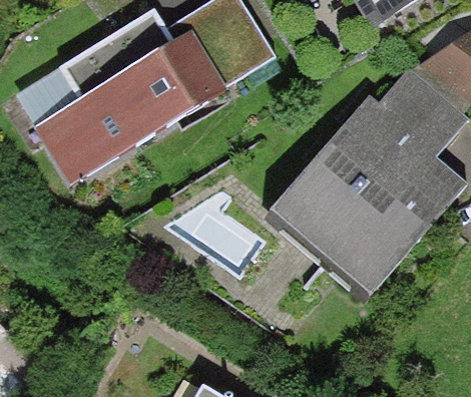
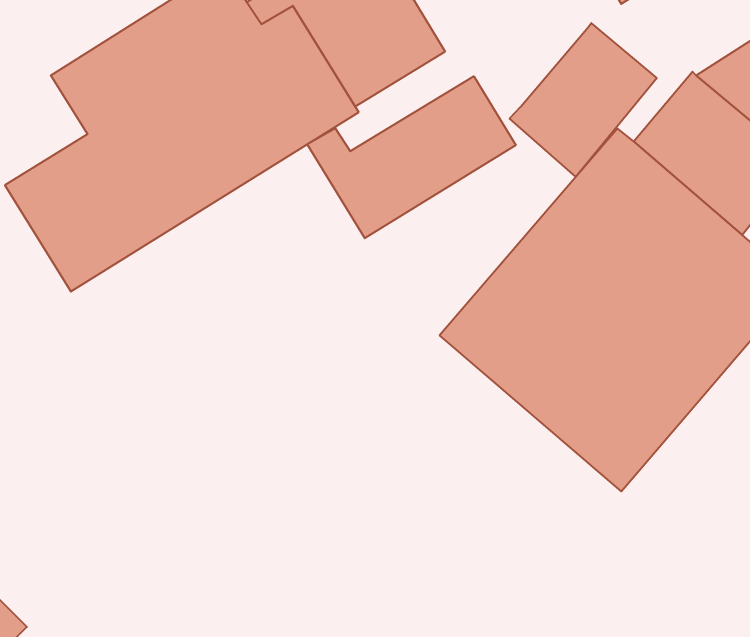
building: none -> [510,23,657,177]
building: none -> [307,76,516,238]

